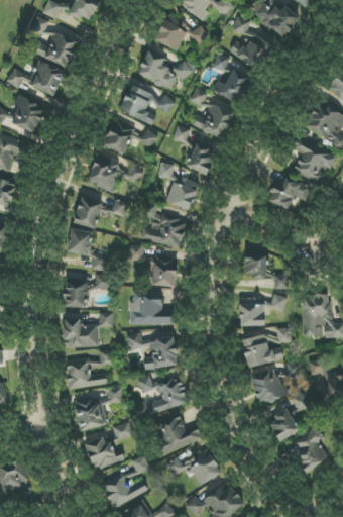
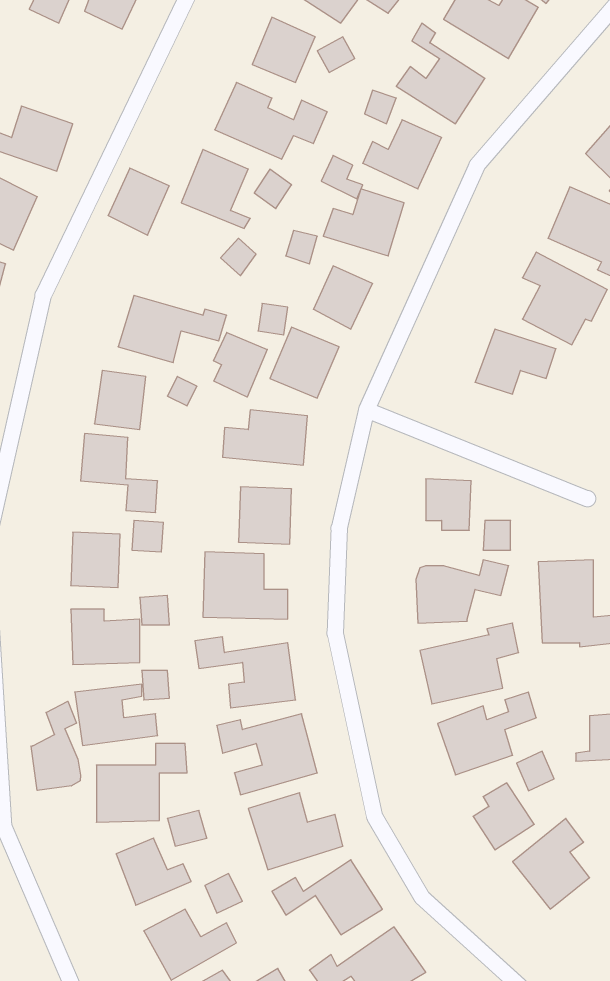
building: [35,31,77,67] -> none
building: [103,120,134,154] -> [108,168,169,235]
building: none -> [214,332,267,397]
building: none -> [31,701,81,790]

